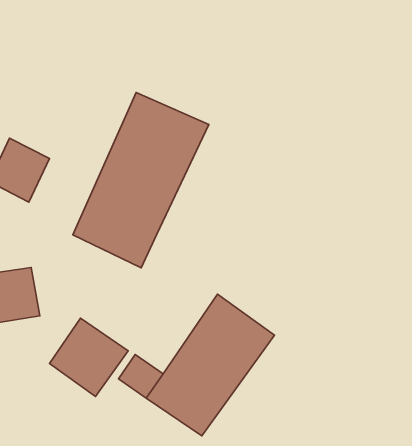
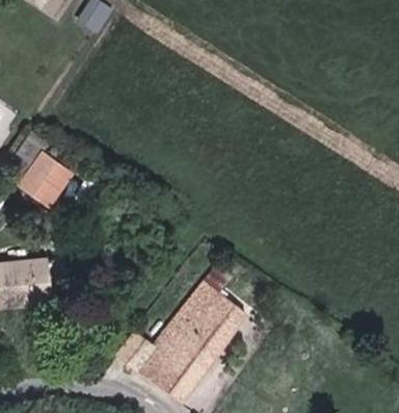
building: [73,93,209,268] -> none
building: [50,318,128,396] -> none

